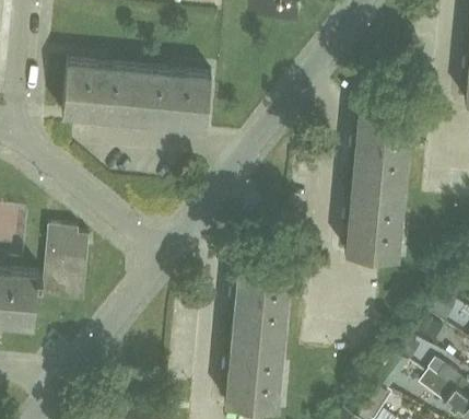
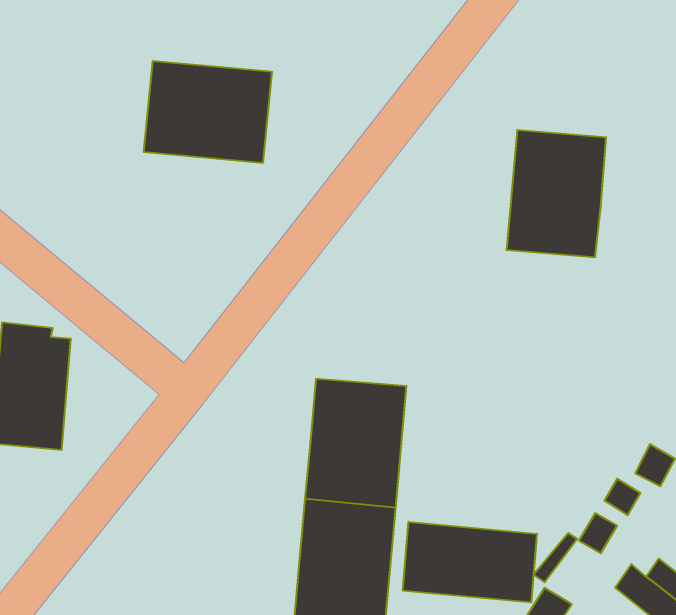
building: [62,58,140,119] -> none
building: [345,178,407,255] -> none
building: none -> [403,522,537,603]

